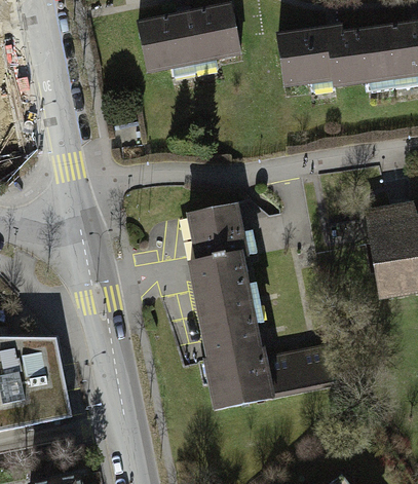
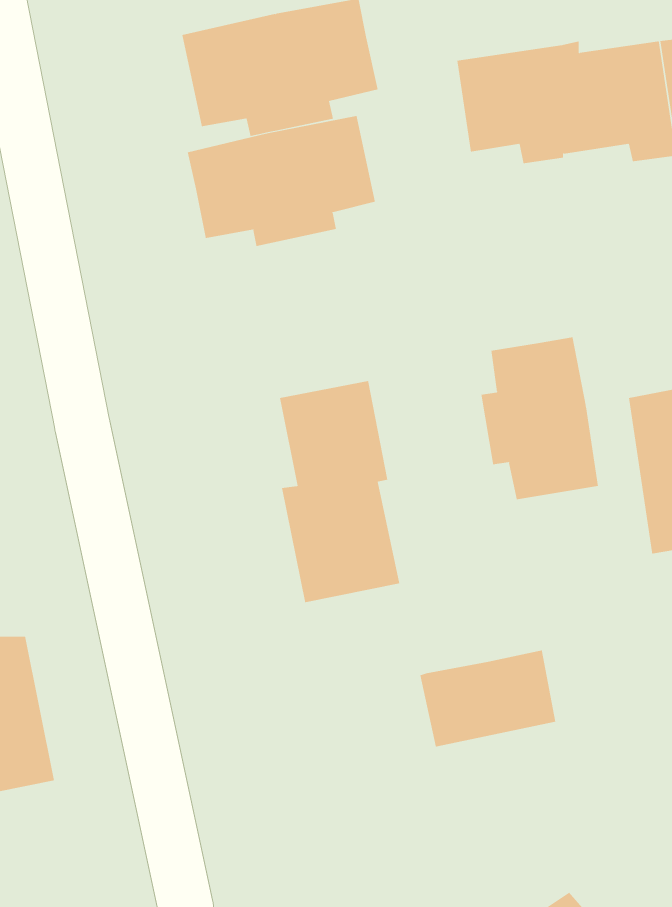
building: none -> [187,115,375,247]
building: none -> [481,336,598,500]
building: [199,310,268,408] -> none

